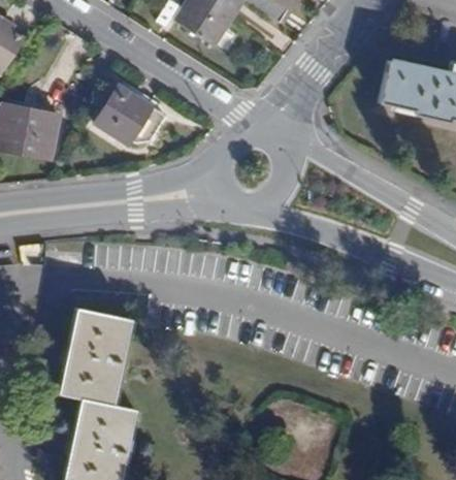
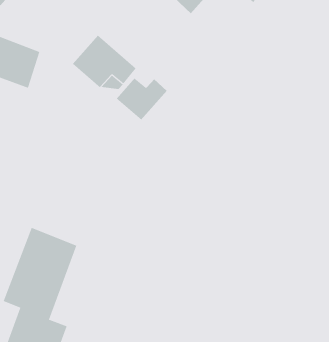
building: none -> [116,77,167,121]

